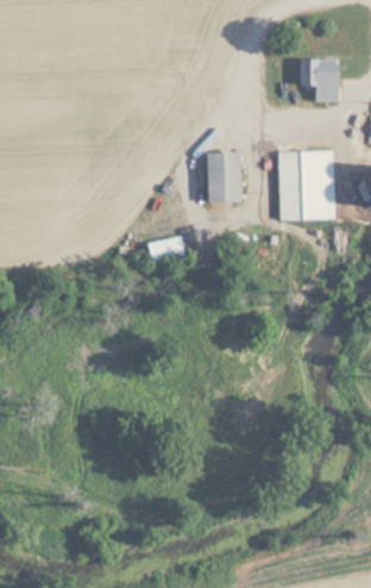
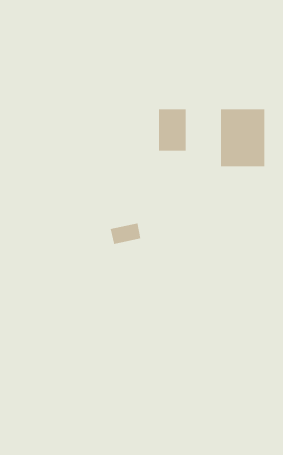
building: [300,57,339,102] -> none
building: [146,236,184,262] -> [110,223,141,244]

